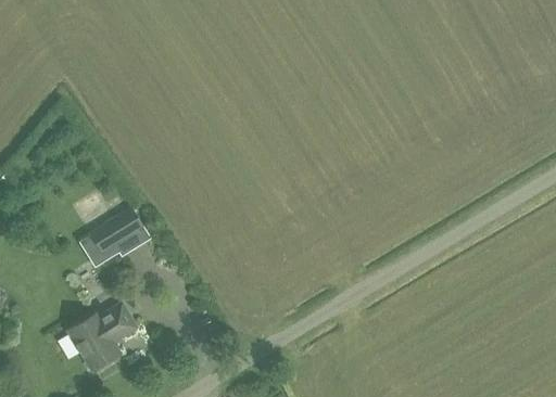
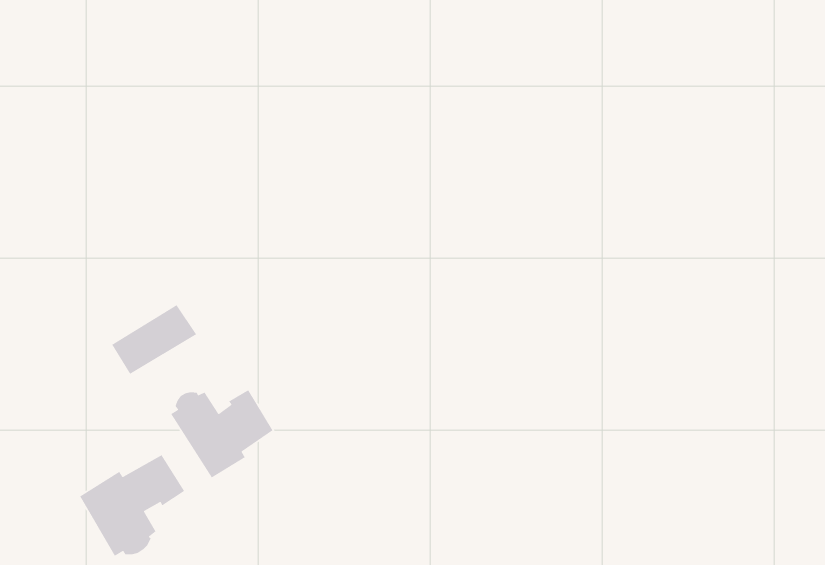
building: none -> [170,389,273,479]

